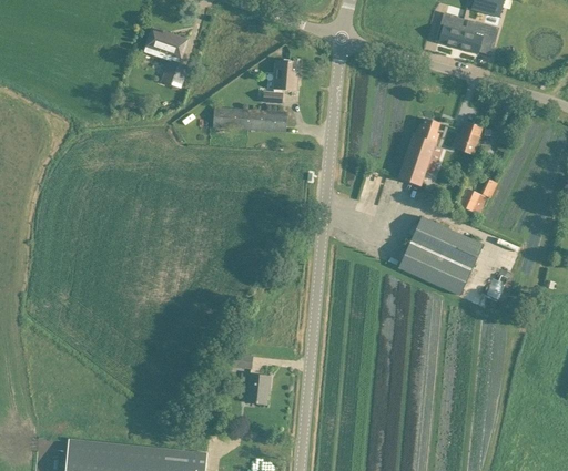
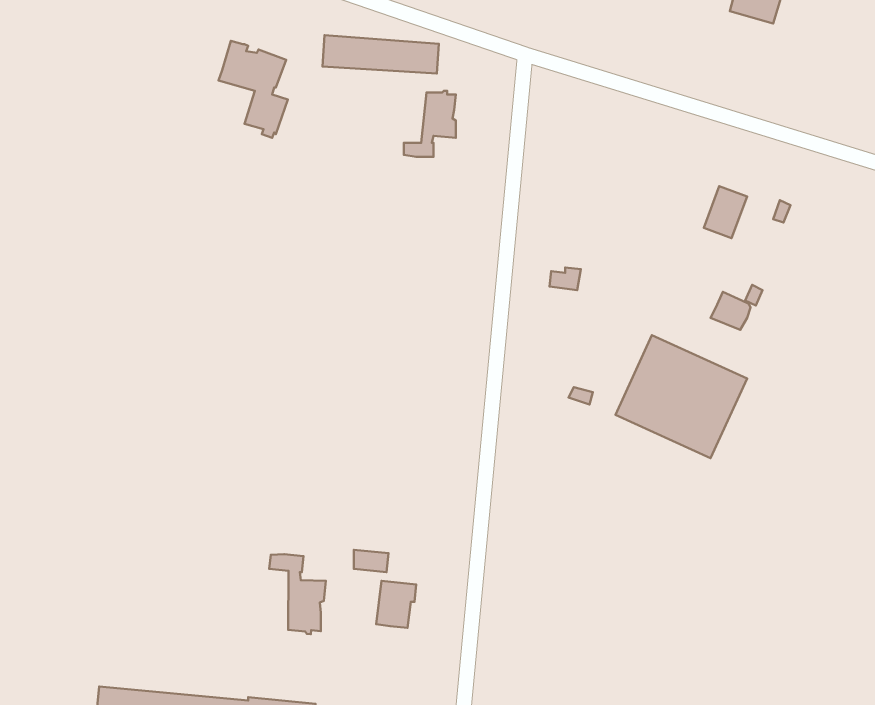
building: [436,13,496,55] -> none
building: [212,106,286,131] -> [323,35,439,73]
building: [398,119,439,185] -> none
building: none -> [269,554,326,634]

